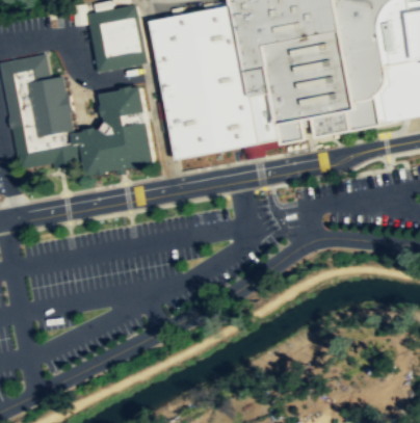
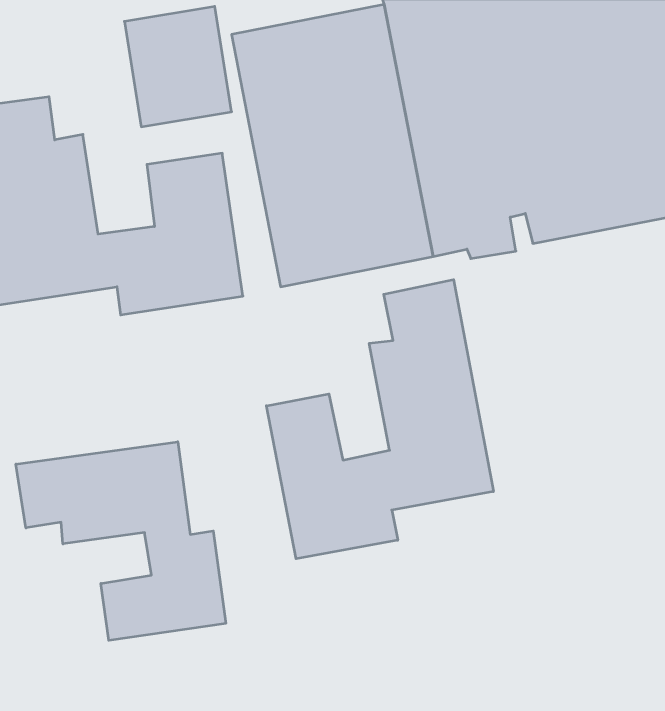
building: none -> [266,280,493,559]
building: none -> [16,442,226,640]

